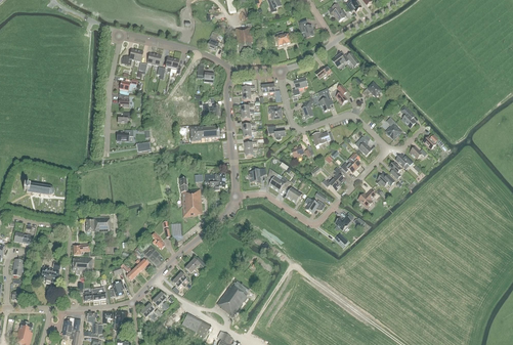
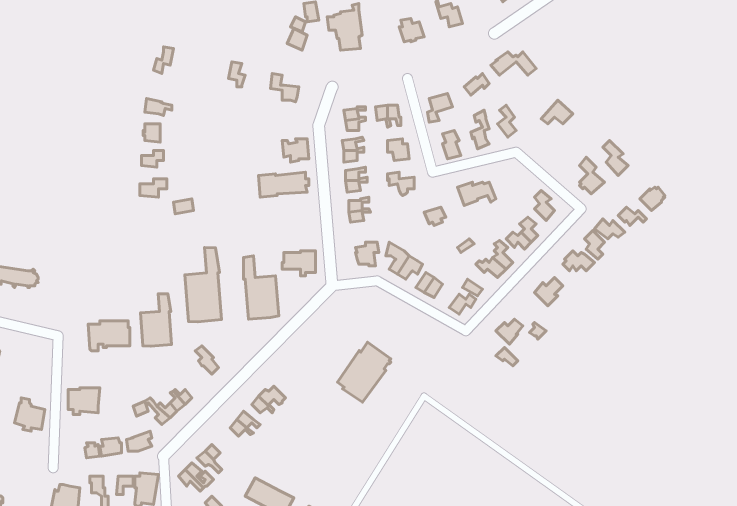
building: none -> [185,248,222,322]
building: none -> [141,294,171,346]
building: [217,278,250,315] -> [337,342,391,402]

